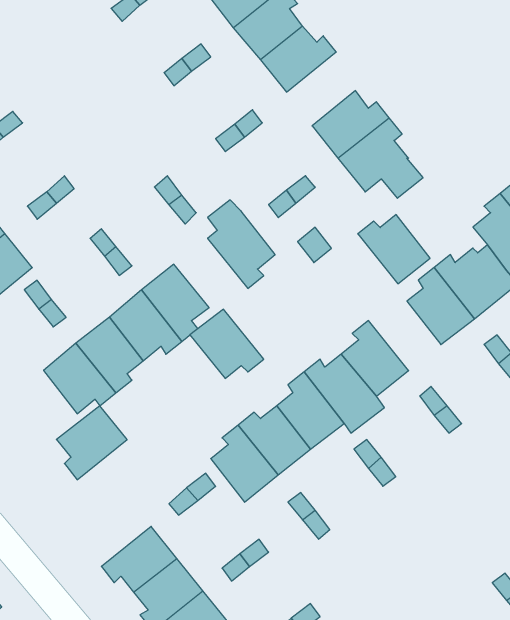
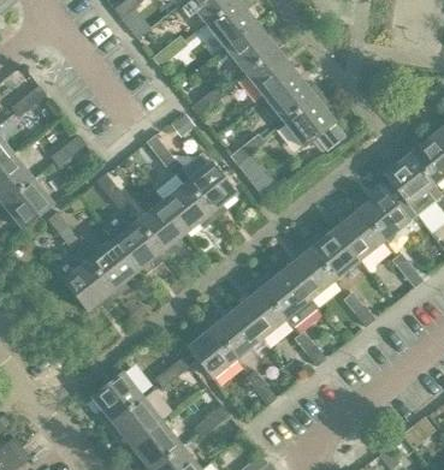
building: none -> [244,42,296,97]
building: [358,215,430,284] -> [306,228,360,280]
building: [190,309,264,378] -> [160,182,215,233]
building: [56,406,127,480] -> [90,371,143,427]

